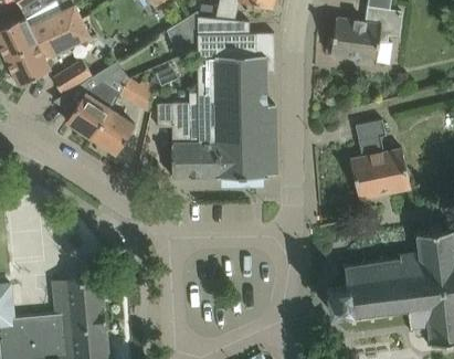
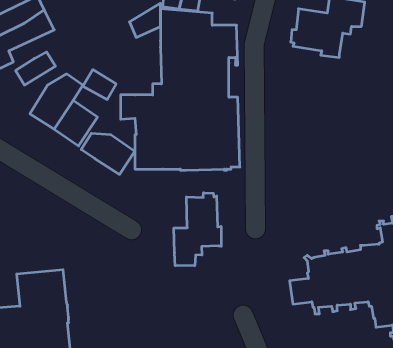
building: [349,120,410,199] -> none
building: none -> [81,133,135,174]
building: none -> [174,193,221,266]

